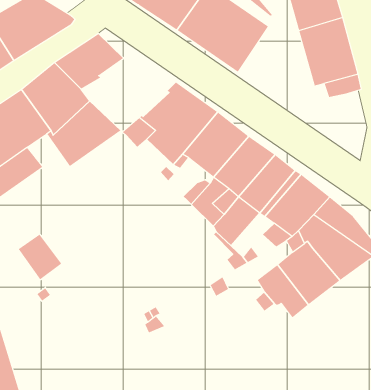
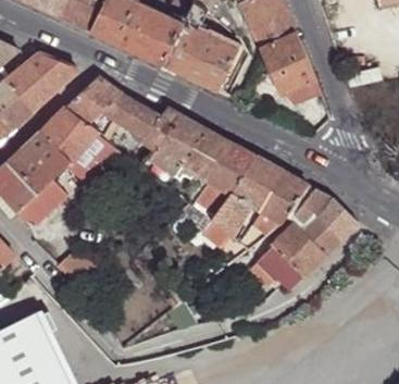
building: none -> [103,95,163,140]

